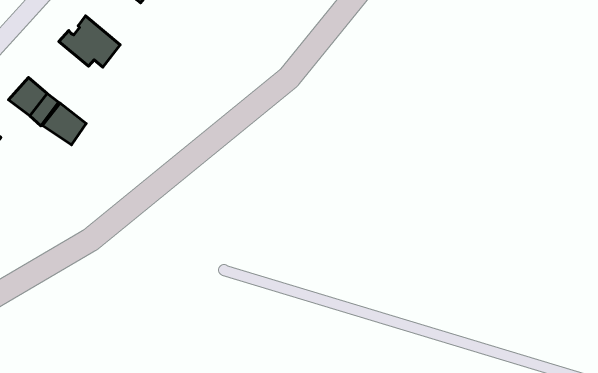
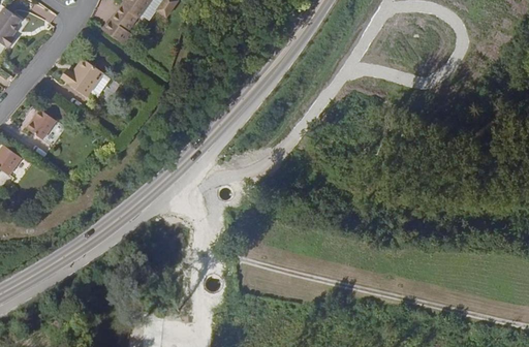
building: [43,103,86,145] -> none

